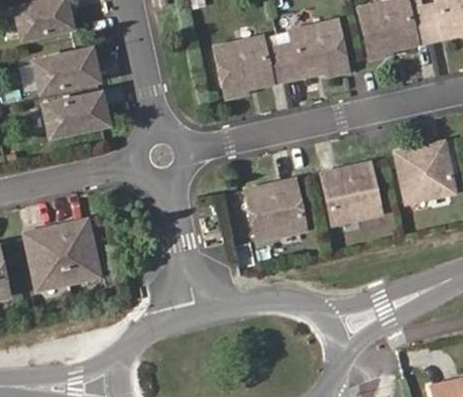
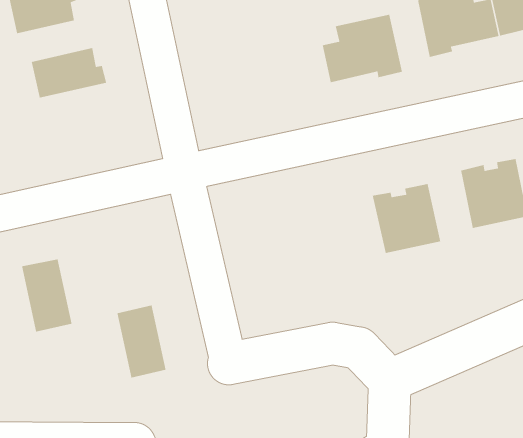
building: [216,38,286,98] -> none
building: [42,92,104,136] -> none
building: [247,180,306,240] -> none
building: [56,221,99,283] -> [116,305,166,379]

